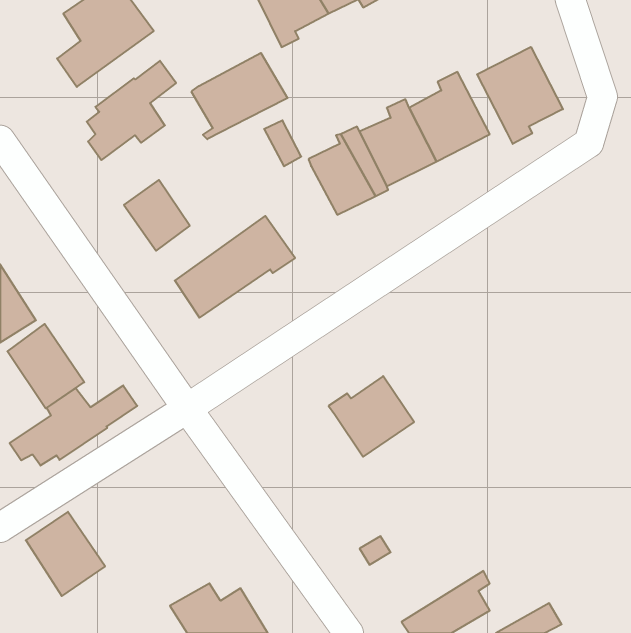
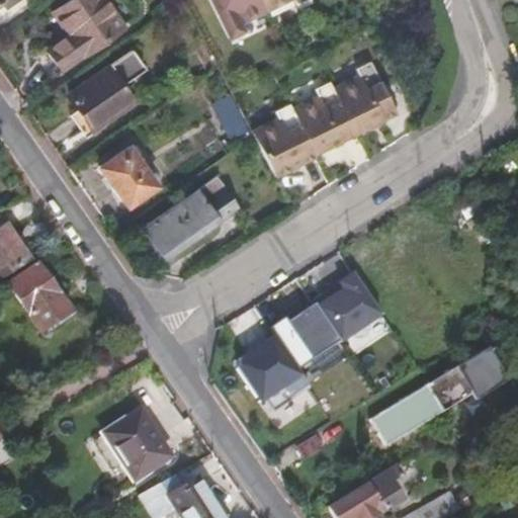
building: [477,47,563,144] -> none
building: [191,53,288,139] -> none
building: none -> [313,275,382,344]
building: [10,385,137,466] -> none
building: none -> [239,338,312,415]
building: none -> [371,346,509,438]
building: [26,512,105,596] -> [105,411,170,480]

